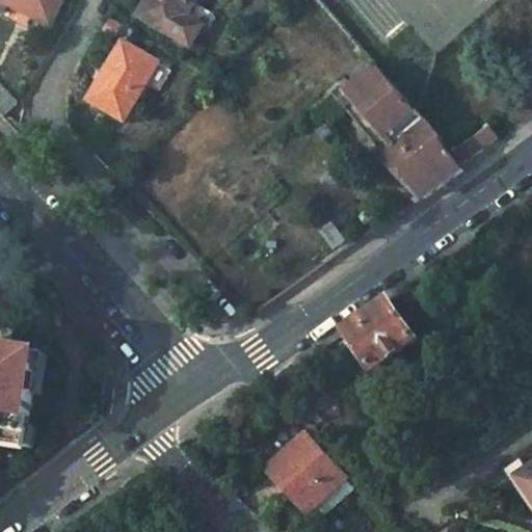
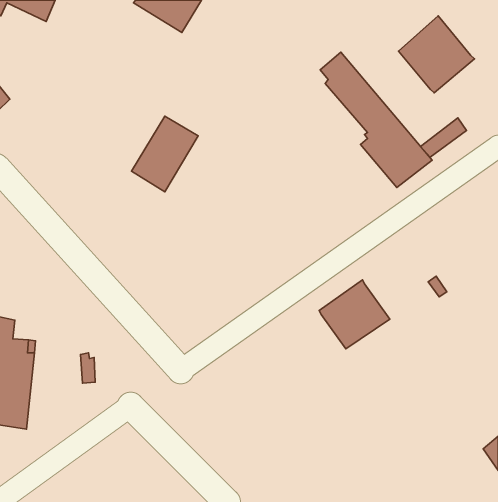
building: none -> [399,16,474,93]
building: [85,41,156,121] -> [131,116,198,192]
building: [262,432,343,513] -> none

